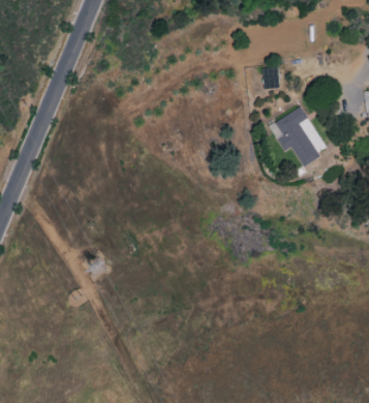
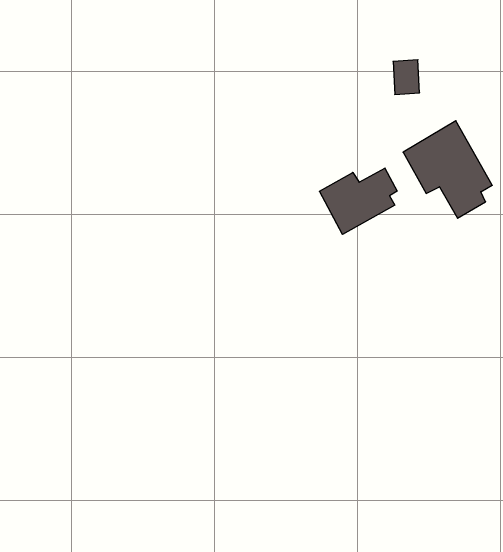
building: none -> [319,168,397,234]

